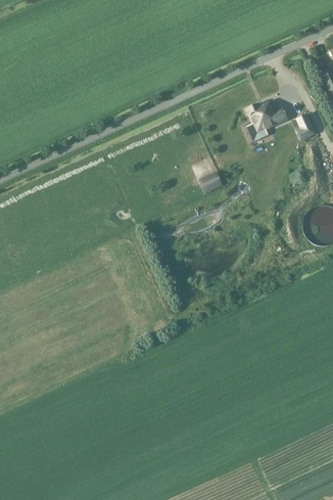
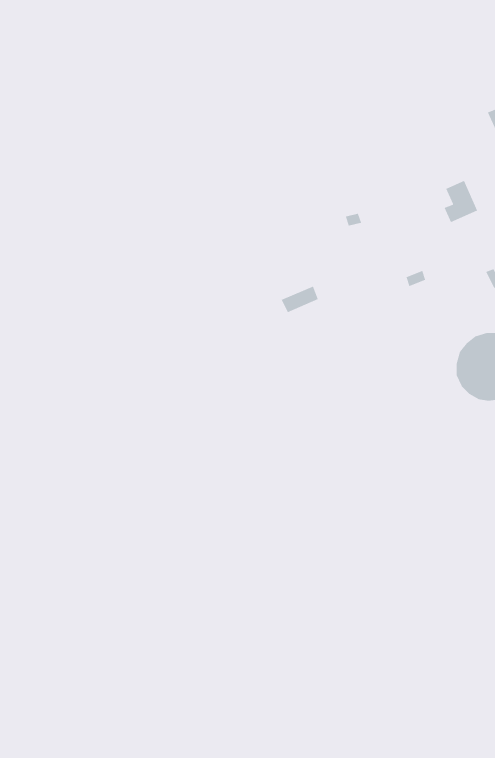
building: [246,103,287,134] -> none

